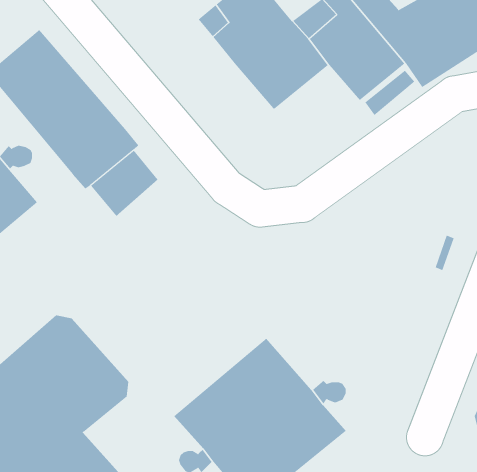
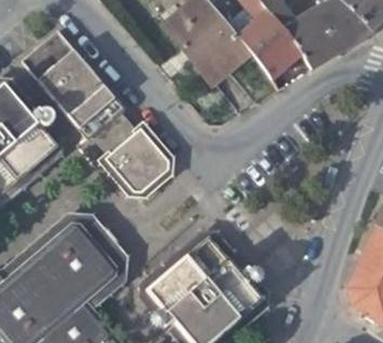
building: none -> [107,126,173,193]

